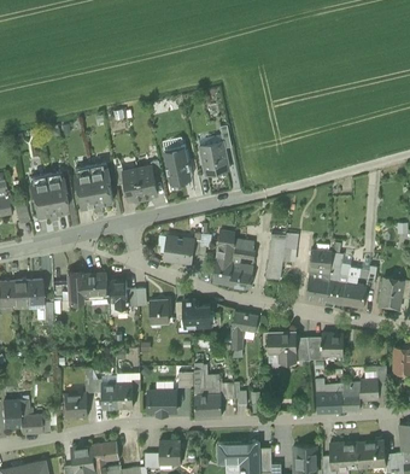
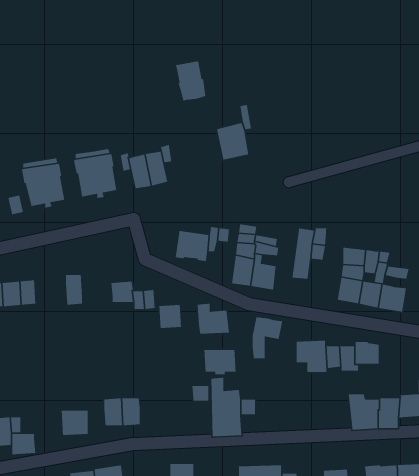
building: [164,145,192,182] -> [175,59,206,102]
building: [82,273,109,294] -> none
building: [148,391,177,414] -> [203,349,236,375]

